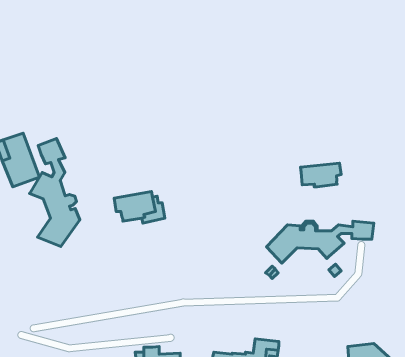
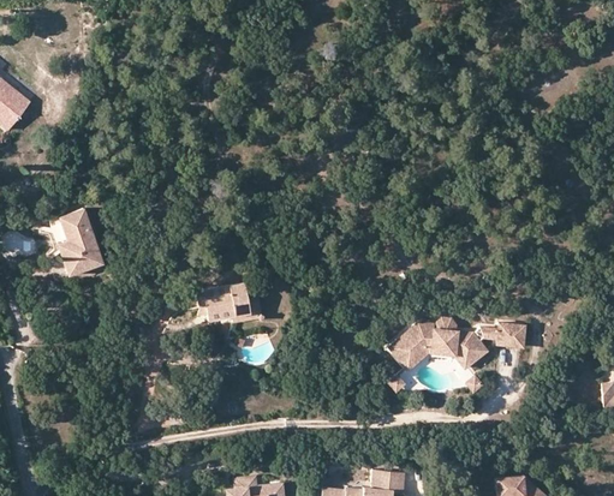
building: [30,139,80,247] -> none
building: [301,163,341,187] -> none

